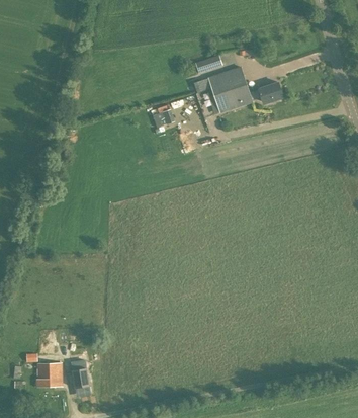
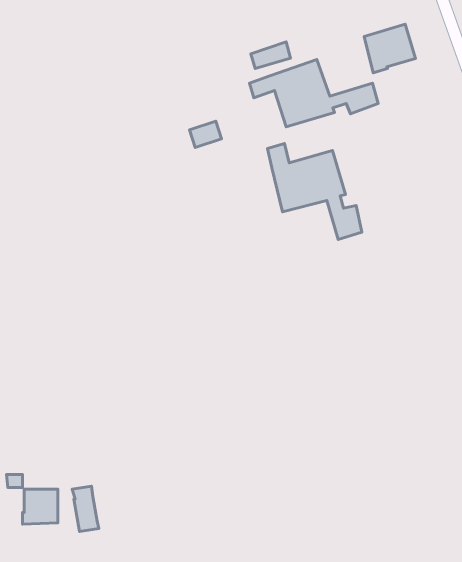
building: none -> [364,24,415,73]
building: none -> [267,143,362,239]

